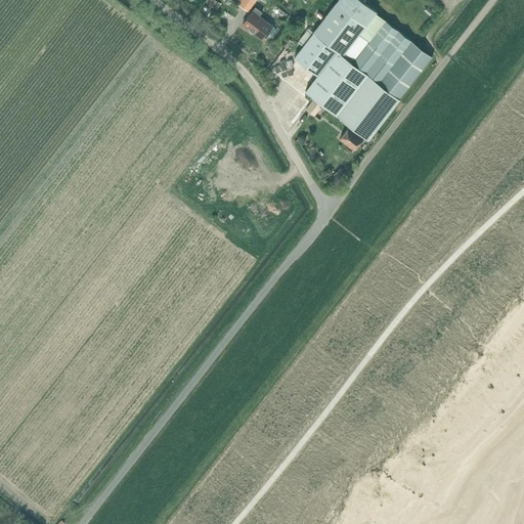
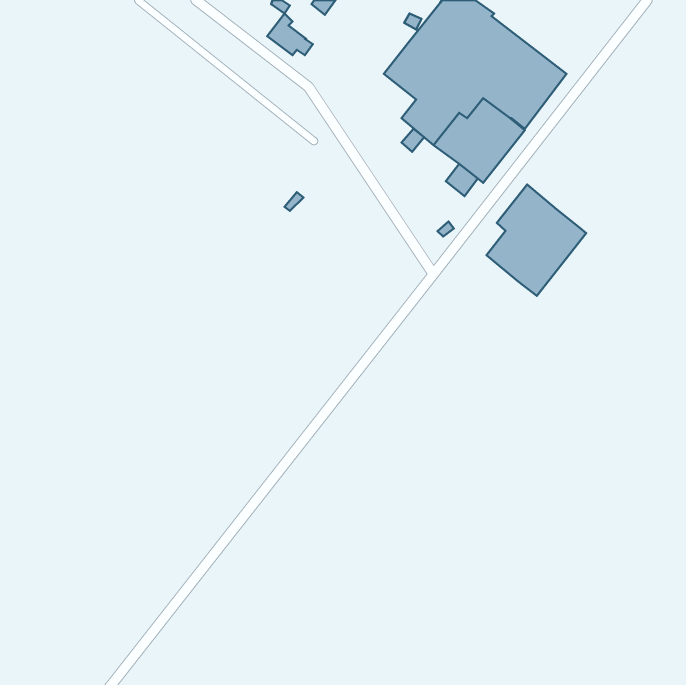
building: [243,7,277,39] -> [267,13,313,55]
building: none -> [487,184,586,296]

